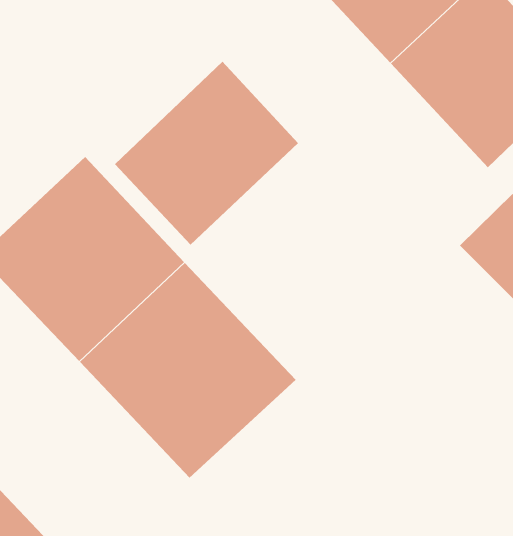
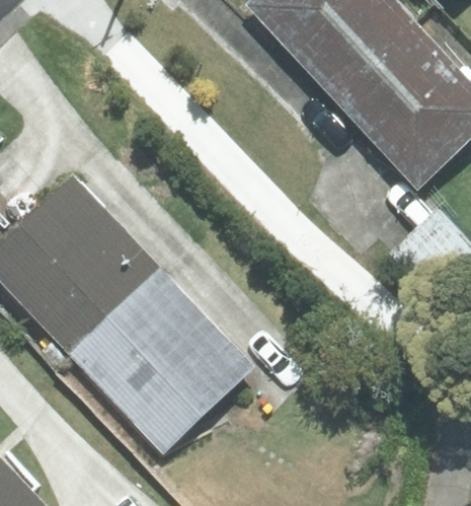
building: [114,61,299,245] -> none

